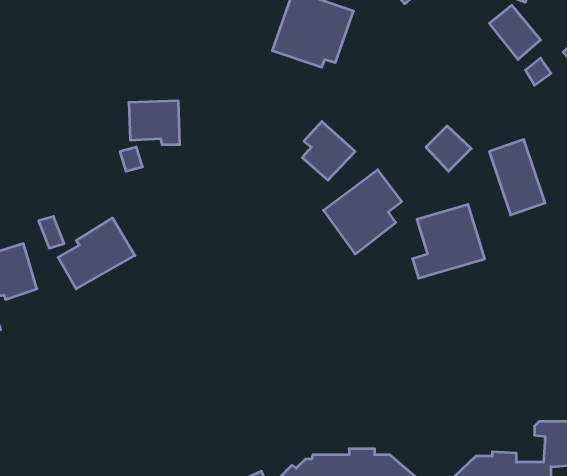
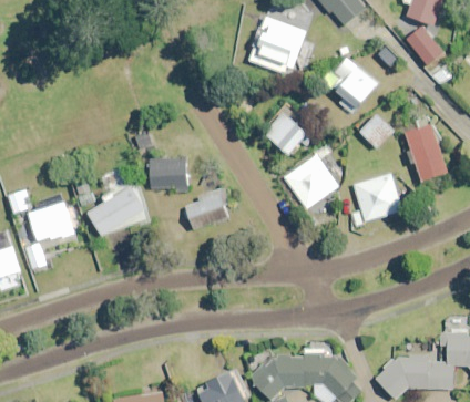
building: none -> [323,56,377,114]
building: [129,101,180,145] -> [149,159,186,192]
building: none -> [181,194,227,231]

